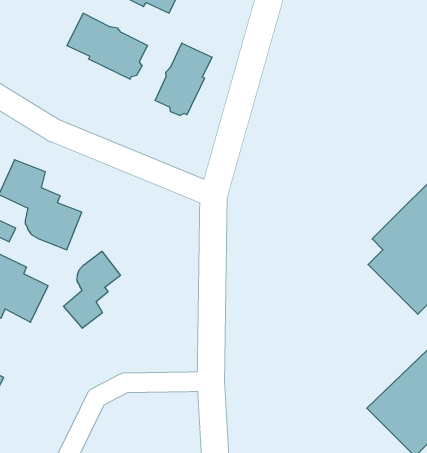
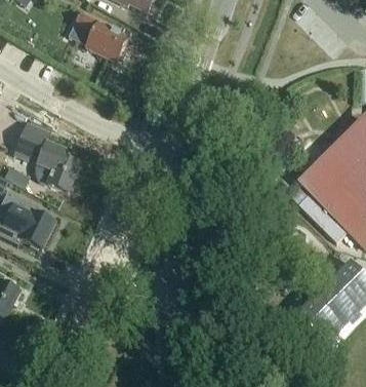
building: [155,43,212,116] -> none
building: [63,251,120,328] -> none

